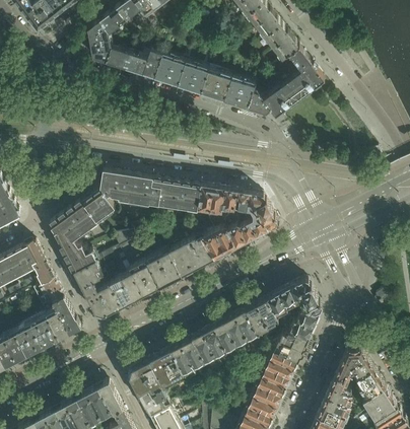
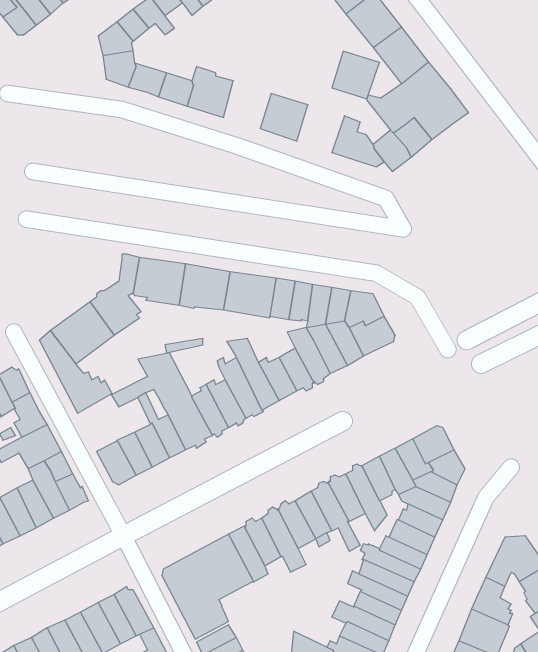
building: [168,61,199,91] -> none
building: [215,76,246,106] -> [332,51,380,99]
building: [75,261,101,297] -> none

